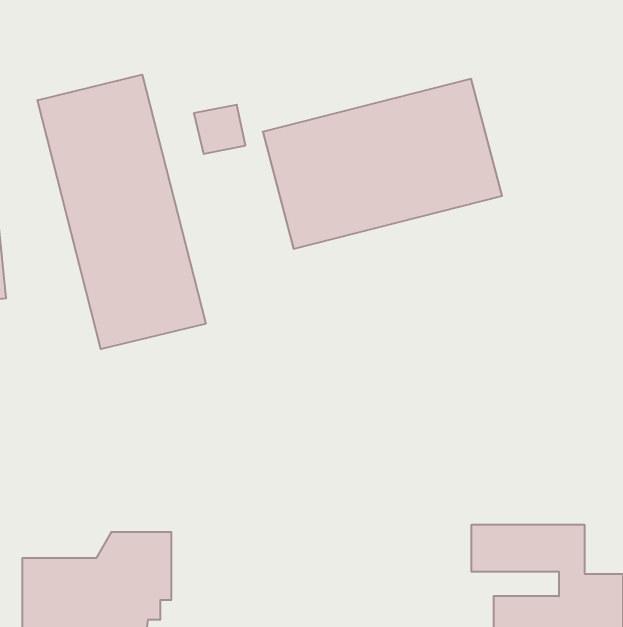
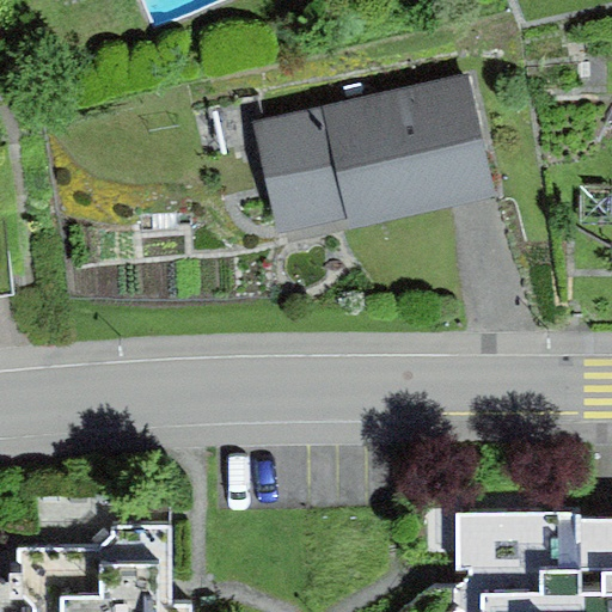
building: [37,75,206,349] -> none

